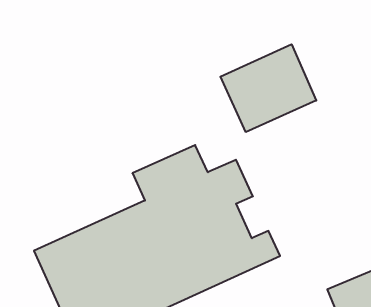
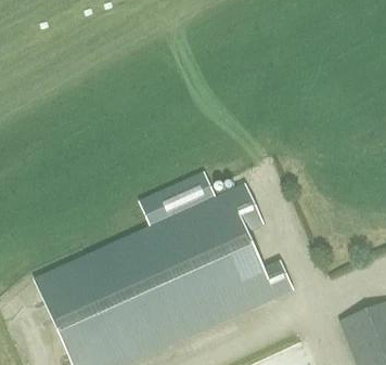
building: [220,44,316,132] -> none

